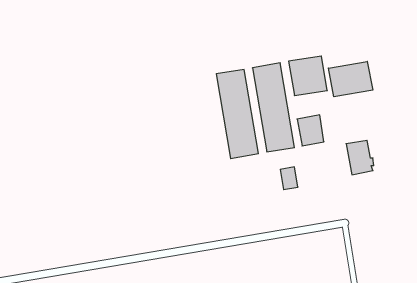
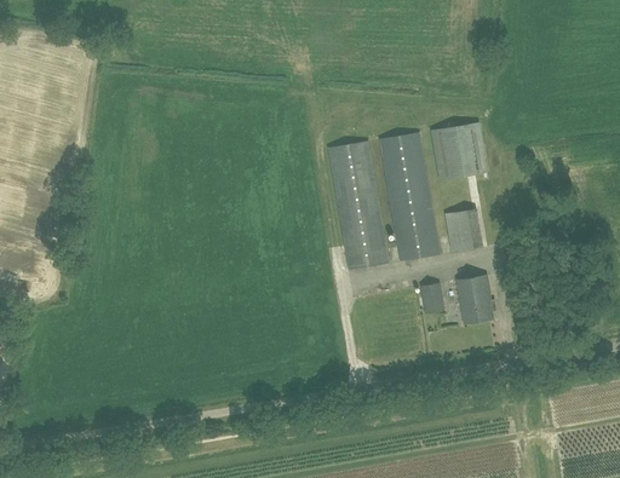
building: [328,61,373,97] -> none
building: [346,140,374,175] -> [455,275,495,324]

